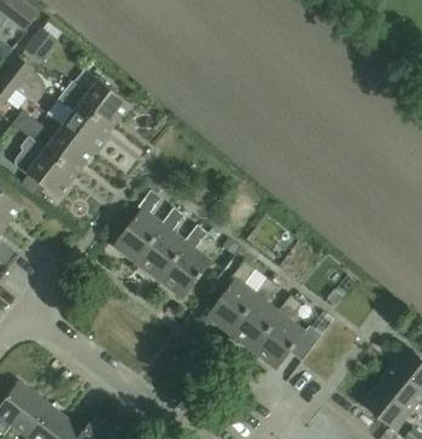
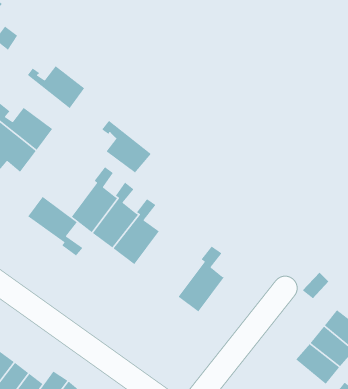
building: [57,90,112,150] -> [101,120,152,173]
building: none -> [27,196,83,256]
building: [206,261,259,334] -> none
building: [253,295,321,369] -> none

